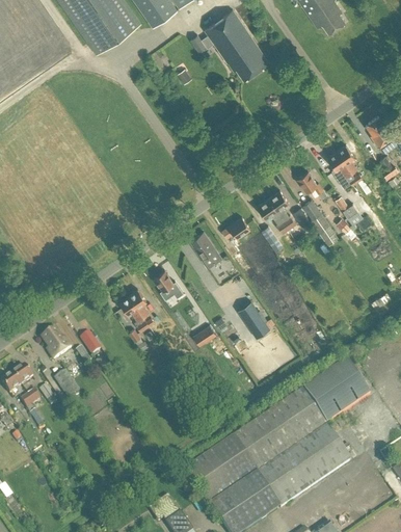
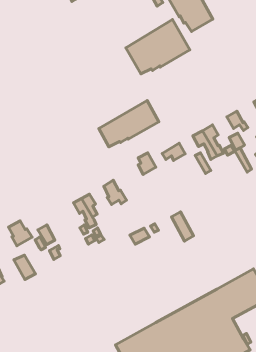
building: none -> [126,19,190,74]
building: none -> [99,101,159,147]

